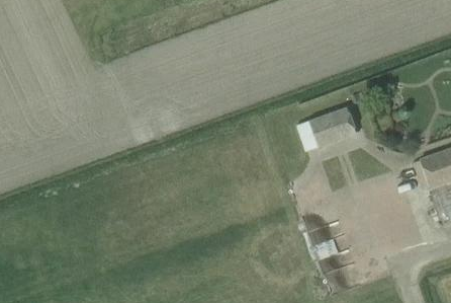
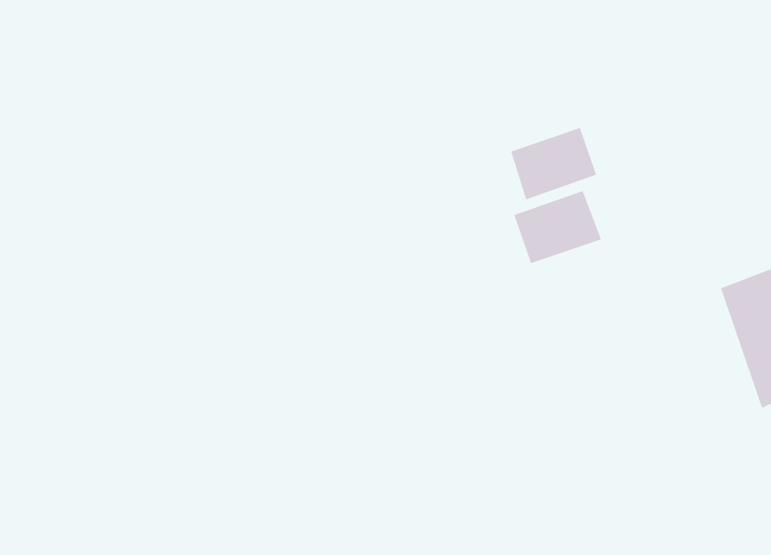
building: none -> [511,127,597,200]

